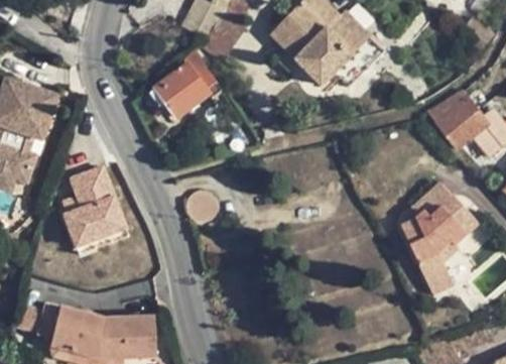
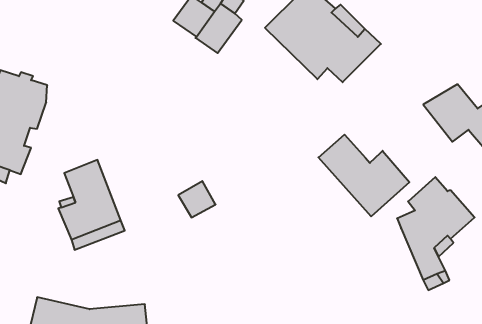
building: [155,55,224,117] -> none
building: none -> [318,135,409,216]

